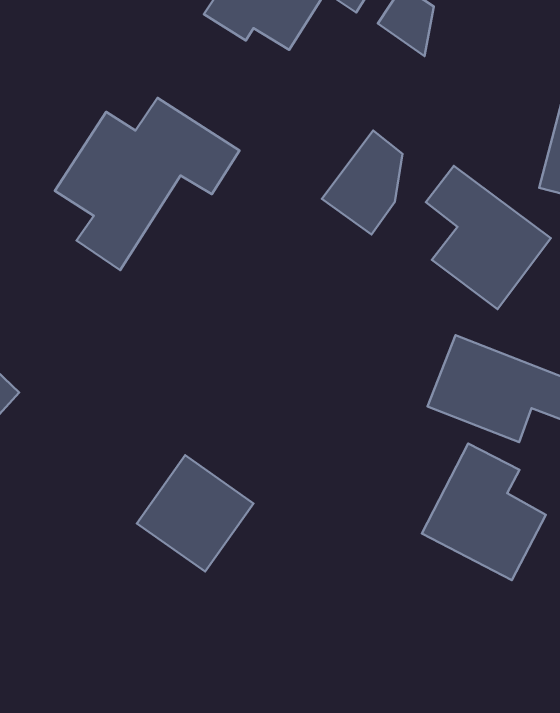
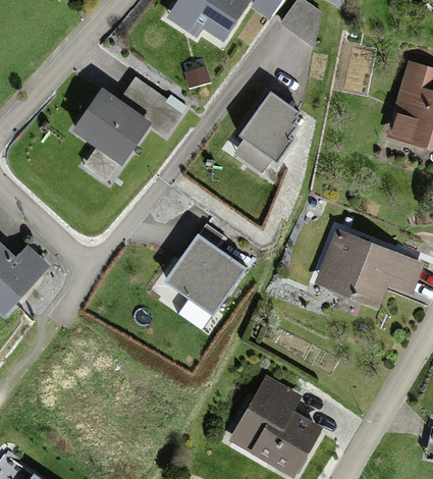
building: [426,166,551,309] -> none
building: [422,444,546,580] -> [231,378,313,468]
building: [137,455,253,572] -> [166,237,242,314]

